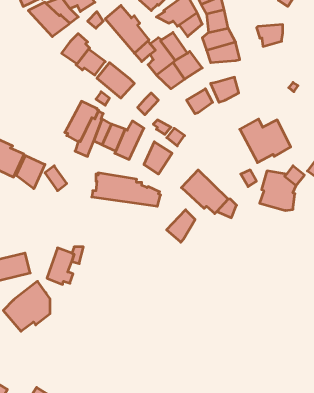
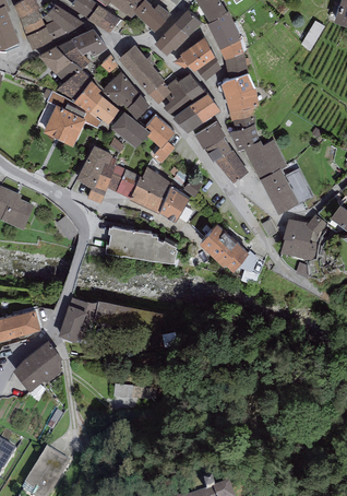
building: none -> [56,68,91,98]
building: [257,25,283,46] -> [228,106,255,129]
building: none -> [101,70,149,116]
building: none -> [43,104,85,144]
building: none -> [145,115,175,146]
building: none -> [194,120,226,149]
building: none -> [244,139,287,178]
building: none -> [216,149,249,184]
building: none -> [144,177,172,217]
building: [16,156,45,189] -> none
building: [167,210,195,242] -> none

